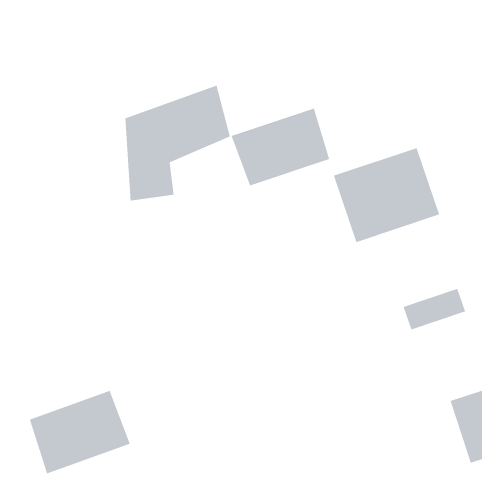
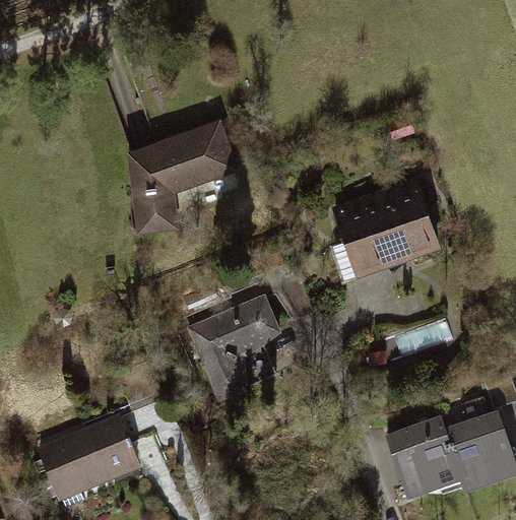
building: [230,108,330,186] -> none
building: none -> [197,296,280,397]
building: none -> [384,415,464,500]

